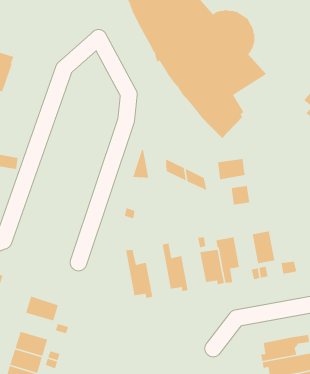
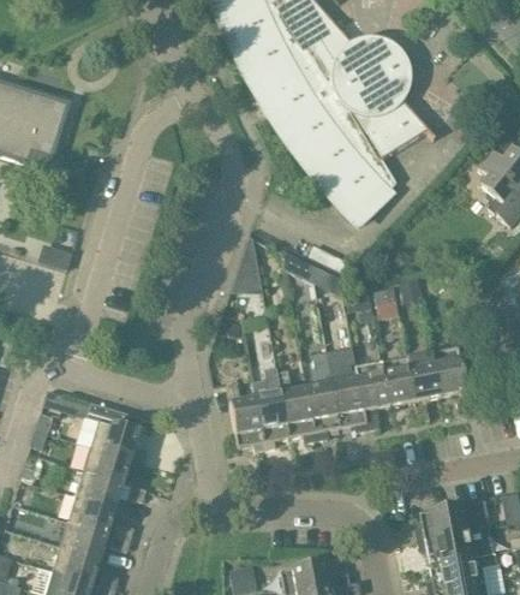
building: [217,158,246,180] -> none
building: none -> [430,349,465,397]
building: none -> [305,356,339,439]
building: none -> [379,358,413,406]
building: none -> [251,368,288,448]
building: none -> [58,398,142,459]
building: none -> [74,471,122,508]

